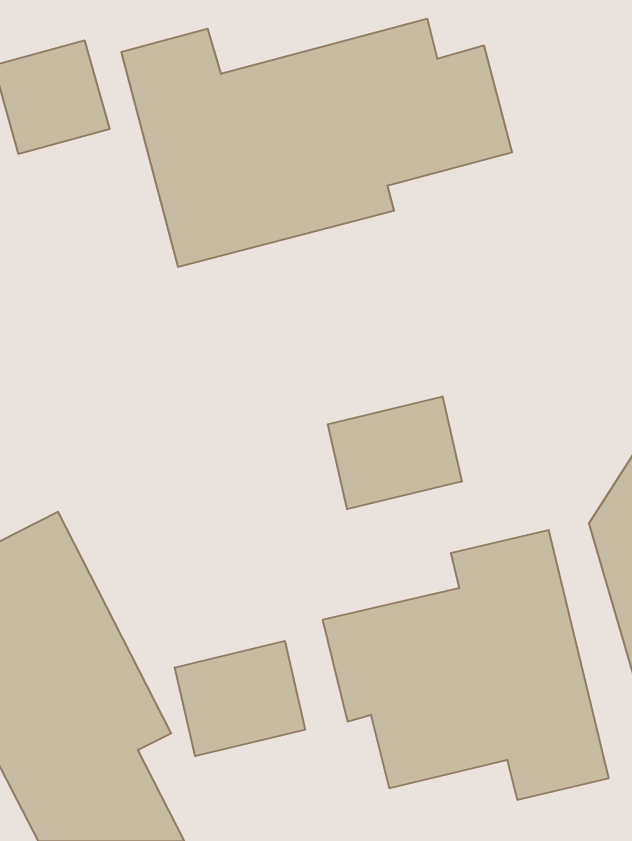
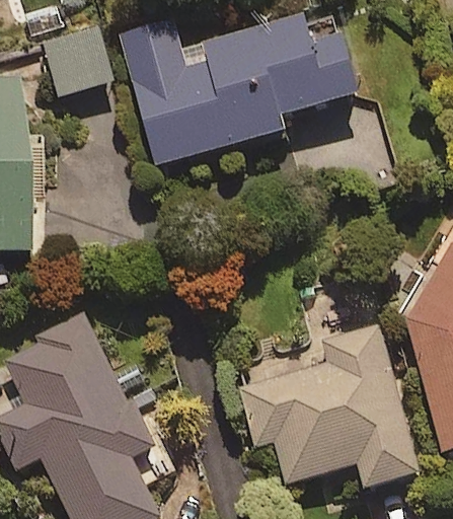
building: [328,396,462,509] -> none
building: [175,641,305,756] -> none

